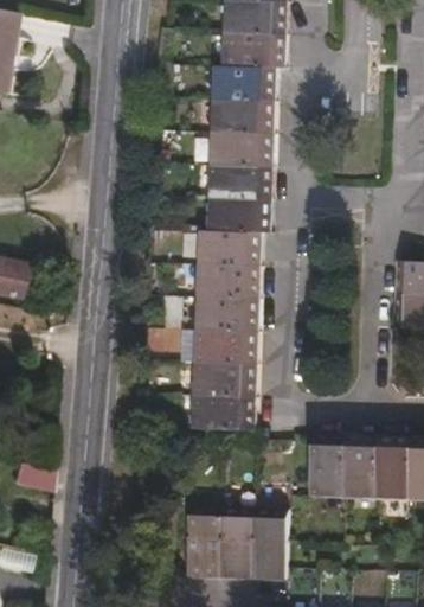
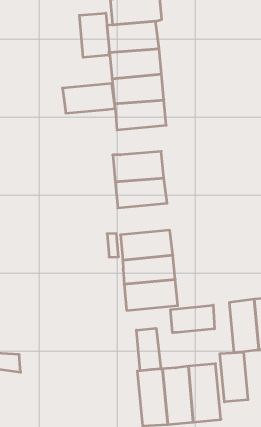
building: none -> [79,13,109,57]
building: [208,199,271,234] -> [62,84,115,113]
building: [195,298,259,334] -> none
building: none -> [171,305,214,333]
building: none -> [136,328,161,371]
building: none -> [220,352,248,402]

